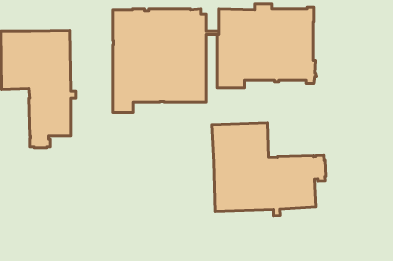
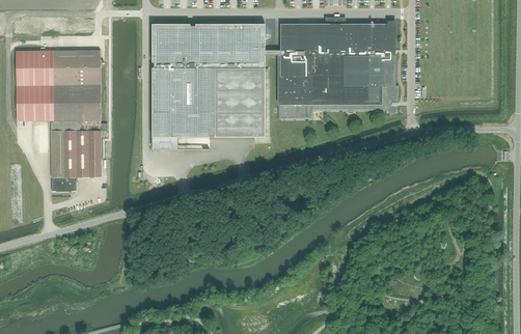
building: [212,123,326,216] -> none

